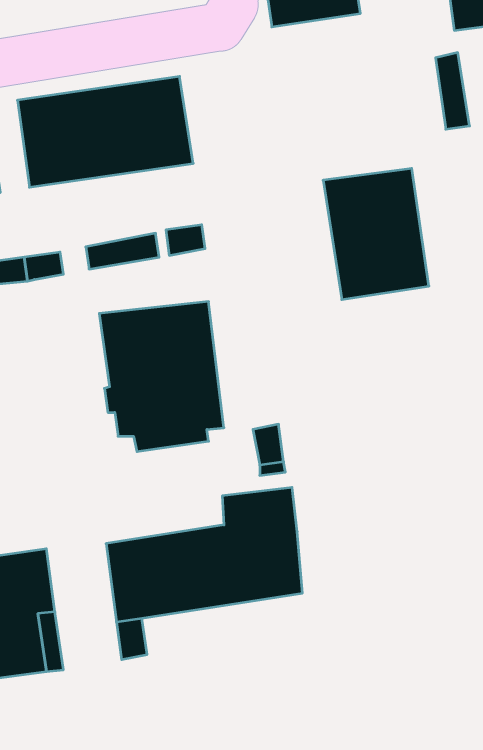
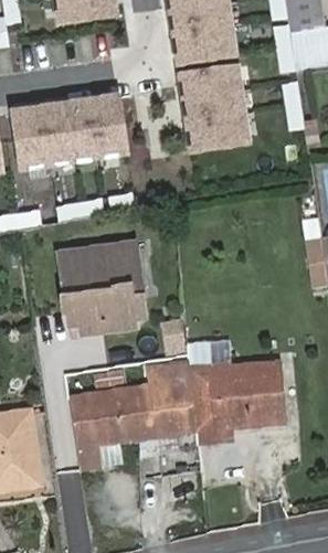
building: [323,168,429,300] -> [180,65,248,150]
building: none -> [194,355,285,429]

